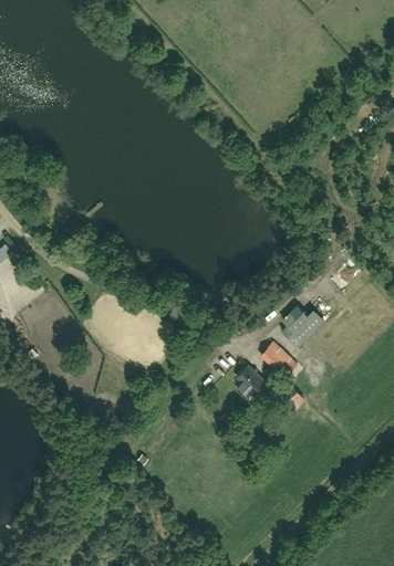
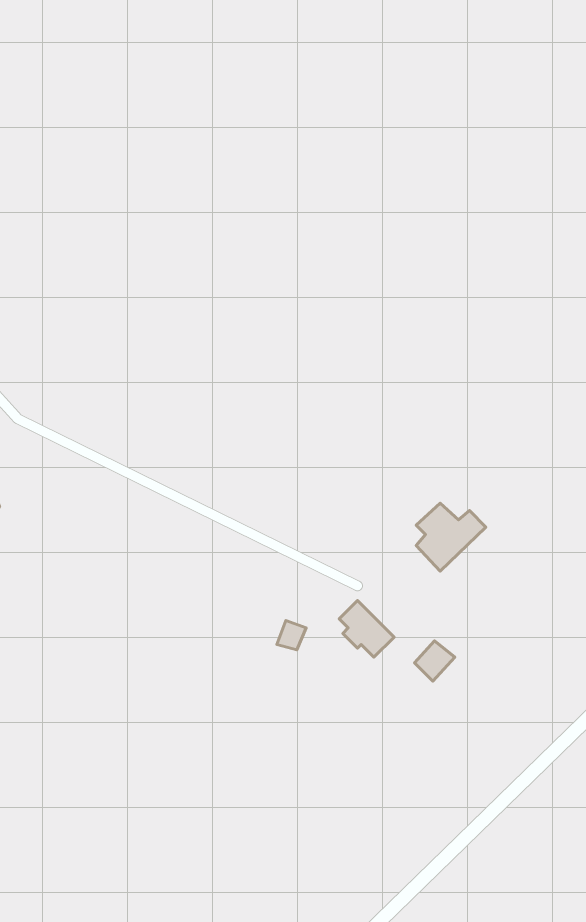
building: [261,342,298,377] -> none

